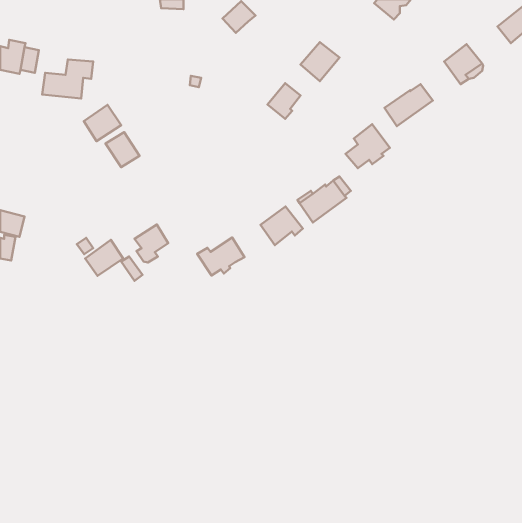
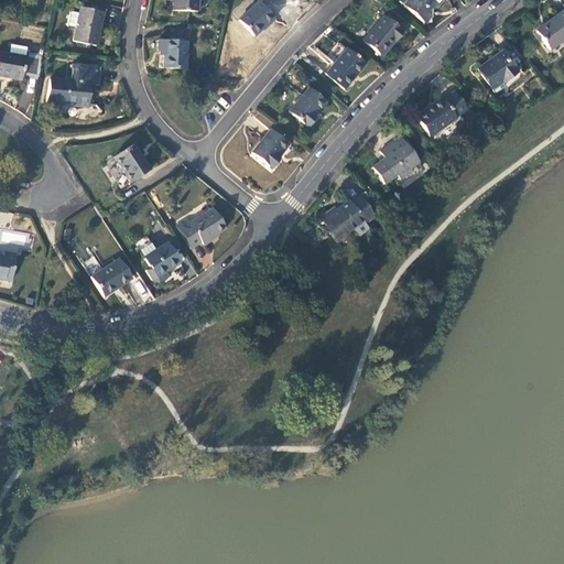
building: none -> [68,7,105,45]
building: none -> [365,15,404,54]
building: none -> [160,40,188,67]
building: [84,105,121,141] -> none
building: none -> [253,128,290,166]
building: [260,206,303,245] -> none
building: [197,238,244,275] -> [178,206,229,247]

